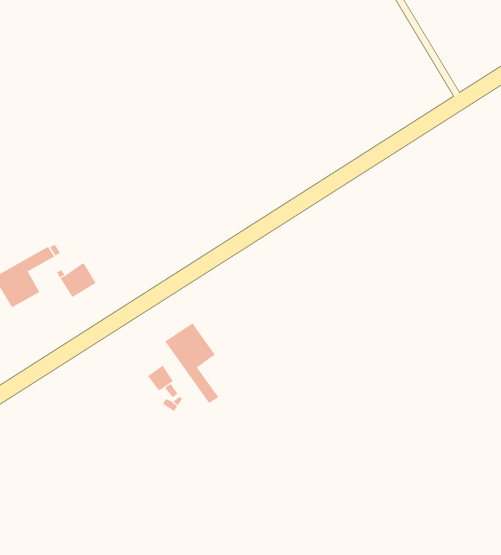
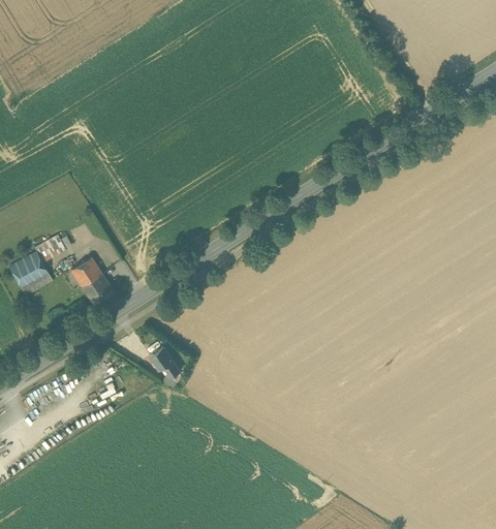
building: none -> [80,272,113,304]
building: [165,322,219,403] -> none

